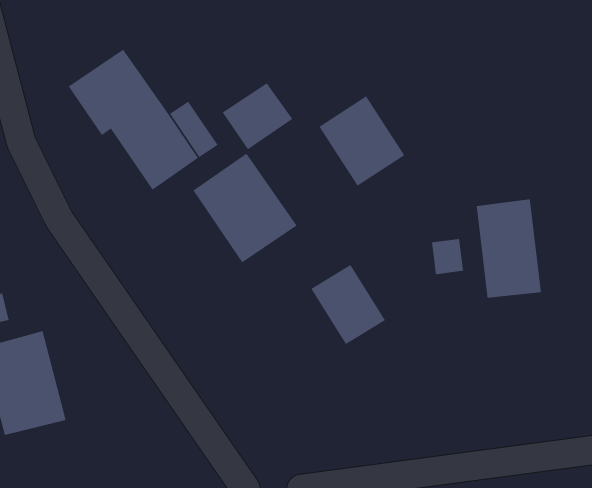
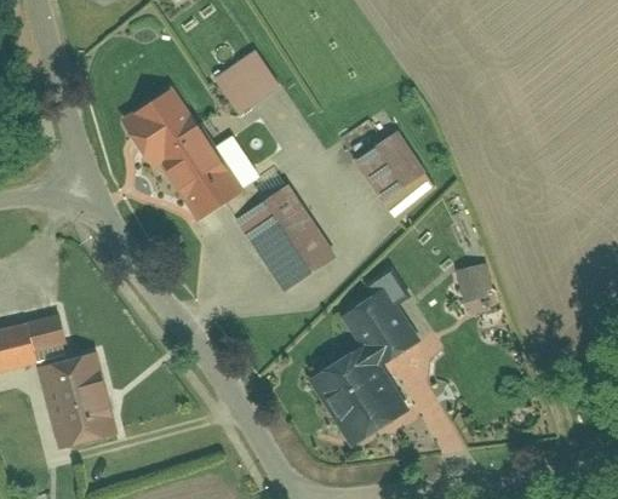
building: [222,83,293,150] -> [212,50,279,113]
building: [476,198,542,299] -> none
building: none -> [308,344,407,444]

